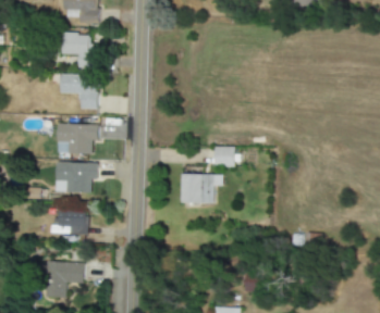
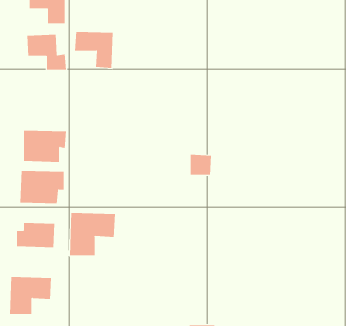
building: [60,74,97,109] -> [74,31,113,68]
building: [181,173,222,202] -> none
building: none -> [70,212,116,256]

